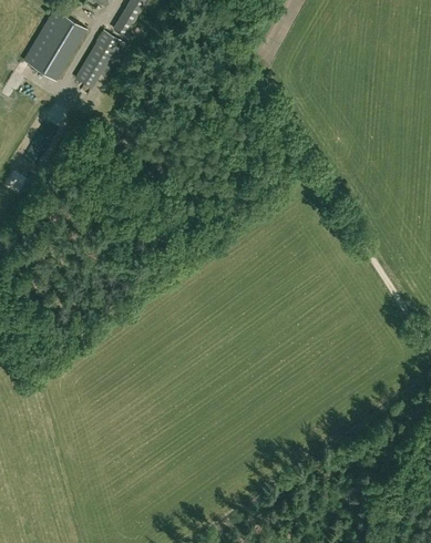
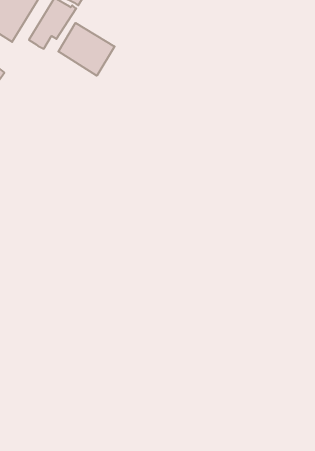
building: none -> [58,23,115,76]

